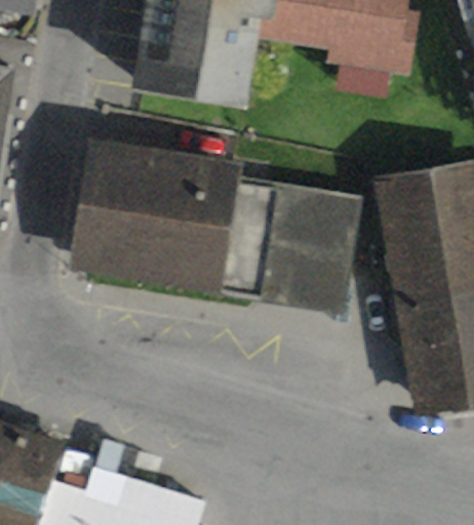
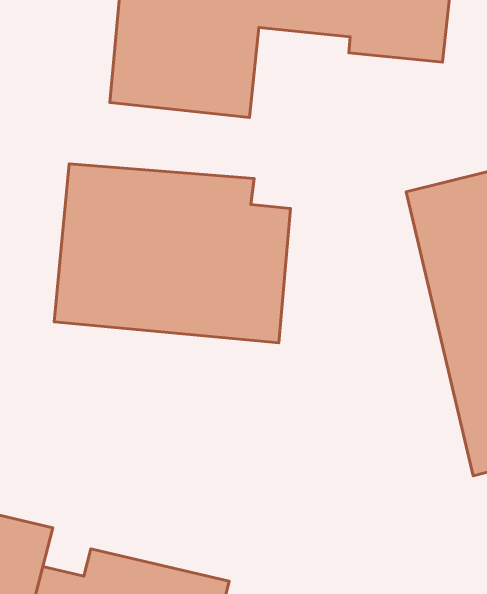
building: [259,181,363,314] -> none

